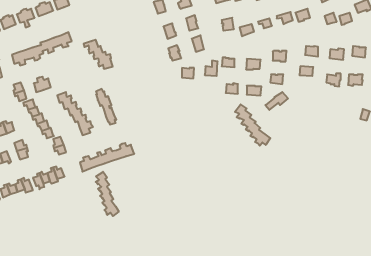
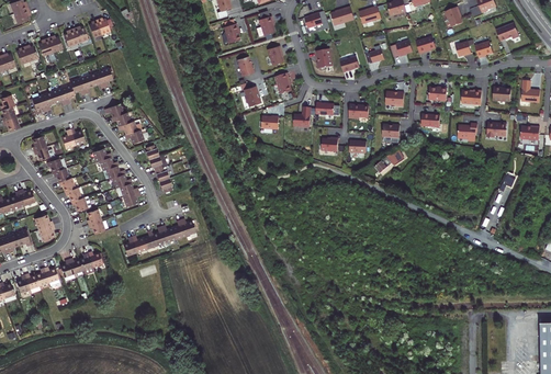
building: [84,40,113,69] -> [104,104,144,144]
building: [235,104,270,146] -> none
building: [96,172,119,216] -> none

